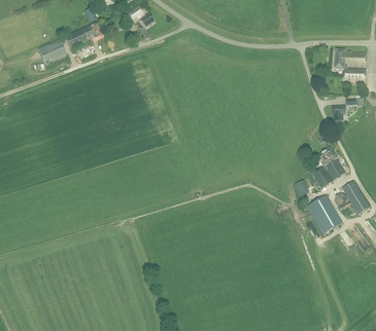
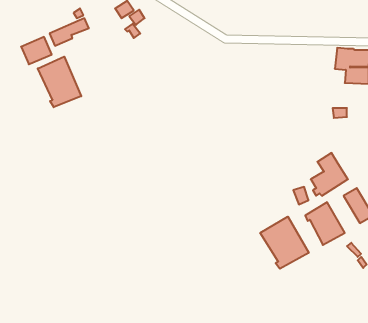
building: none -> [38,57,81,107]
building: none -> [260,217,309,269]

